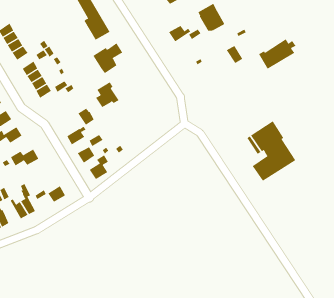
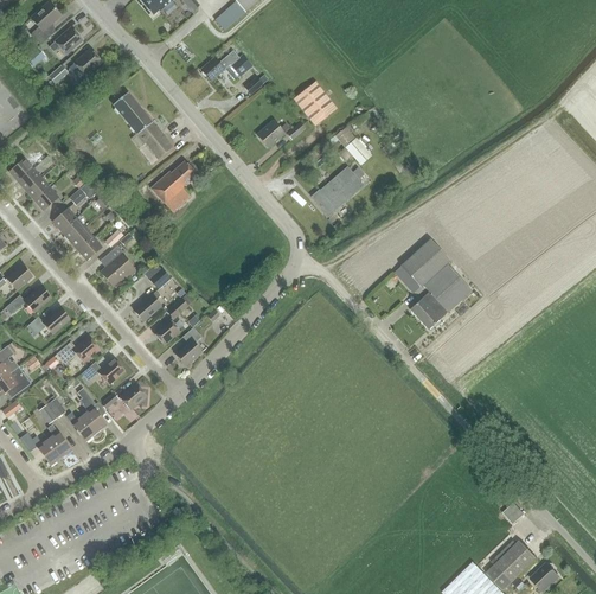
building: [258,38,296,70] -> [312,166,365,216]
building: [95,81,119,108] -> [101,245,136,286]
building: none -> [83,358,124,384]

